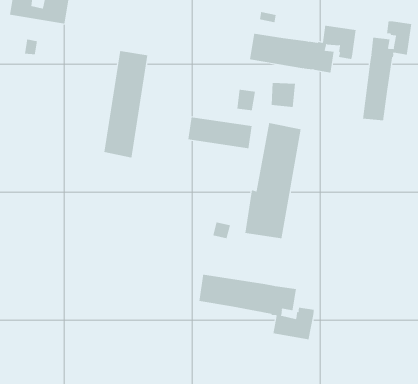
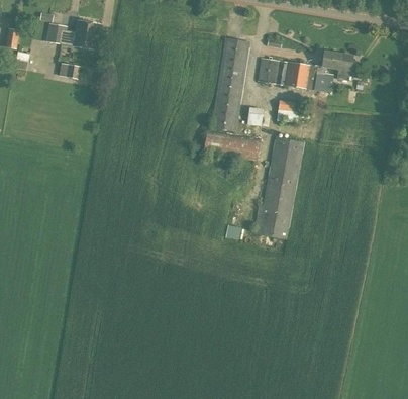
building: [363,20,412,121] -> none
building: [104,51,148,158] -> [211,37,250,132]
building: [199,274,314,340] -> none

